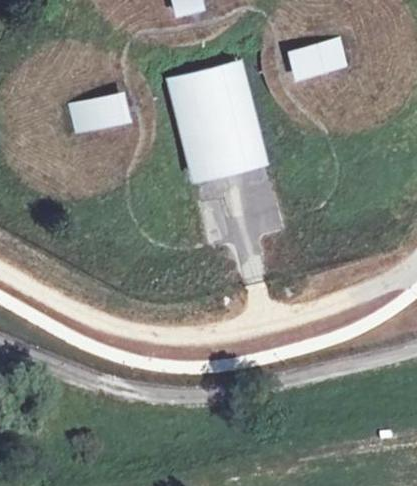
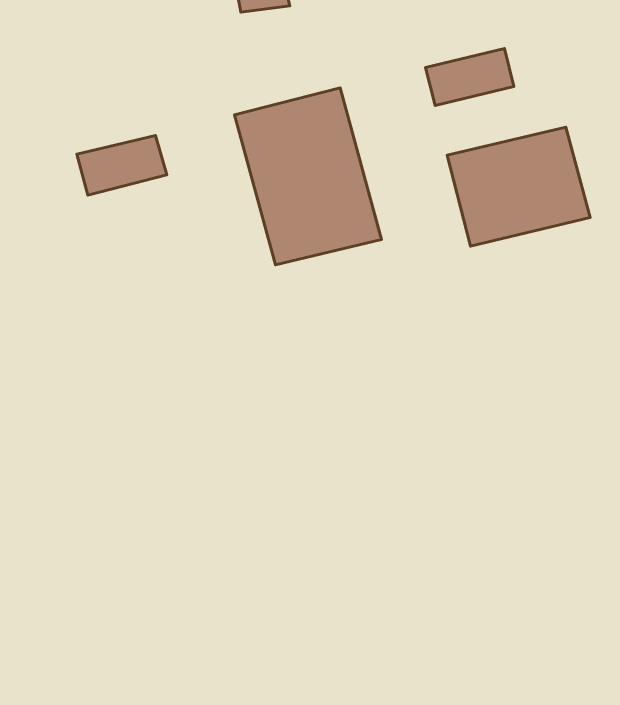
building: none -> [447,127,590,246]

